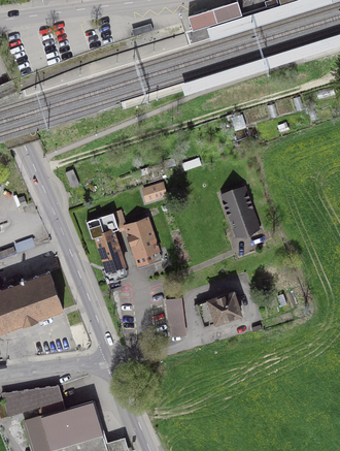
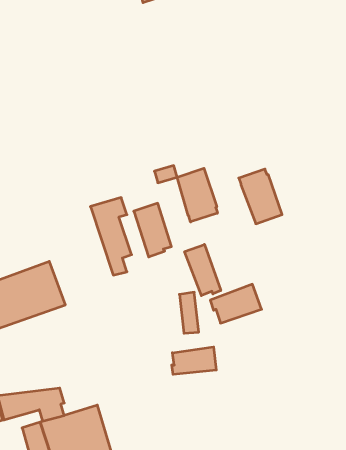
building: none -> [177,168,217,222]
building: none -> [185,244,221,296]
building: none -> [172,347,216,374]

